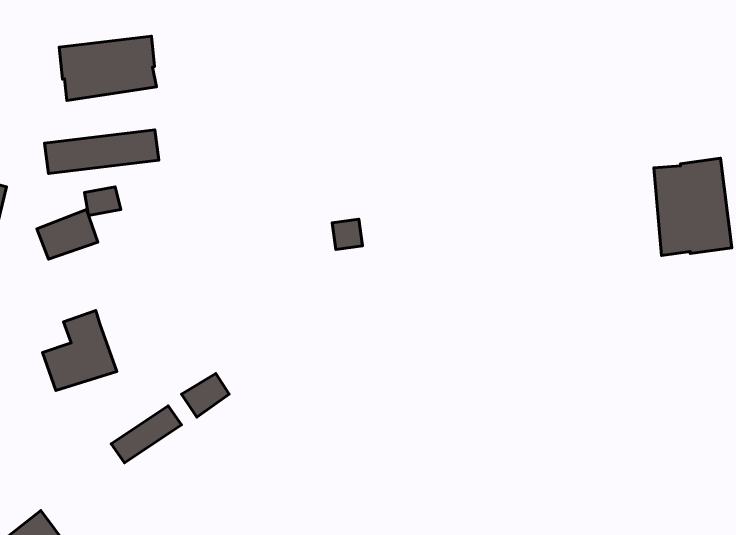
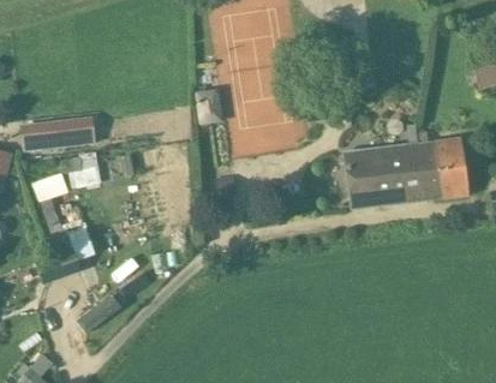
building: [59,36,157,101] -> none
building: none -> [345,143,424,208]

